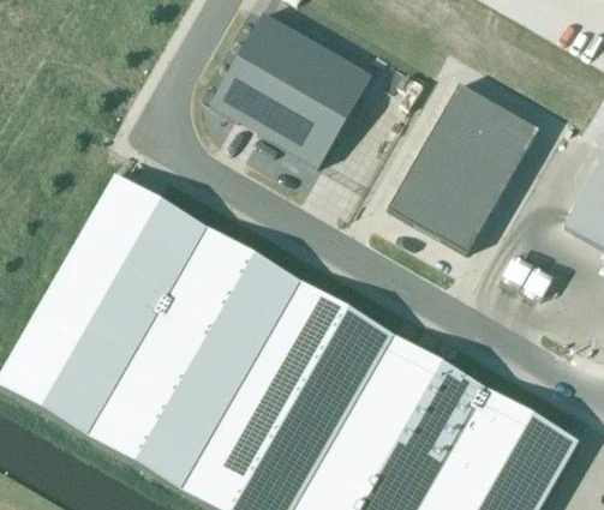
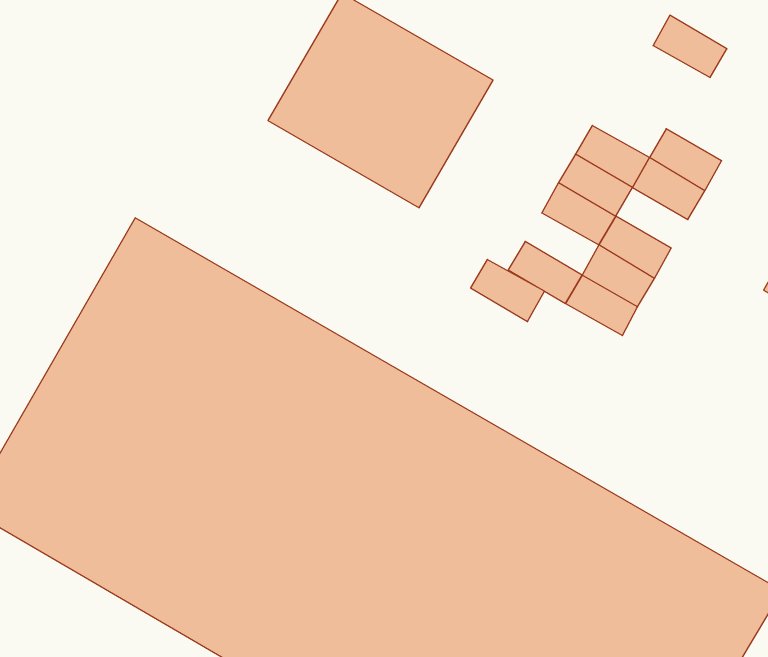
building: [443,85,496,130] -> [653,15,727,77]
building: [460,151,512,194] -> none
building: [395,169,448,214] -> [471,259,544,322]

